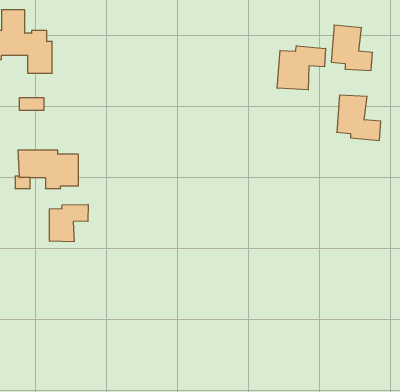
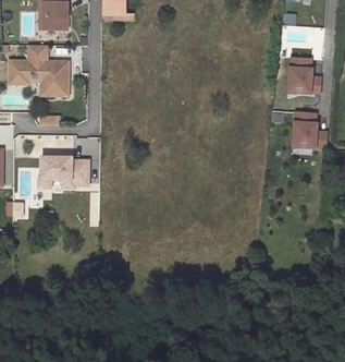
building: [277,46,326,90] -> none
building: [50,204,88,242] -> none

